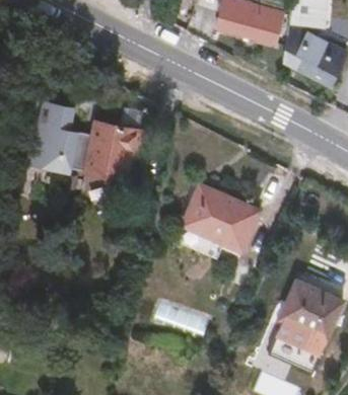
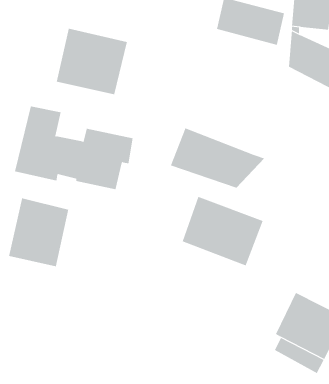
building: none -> [56,28,127,95]
building: none -> [170,128,265,189]
building: none -> [8,198,69,267]

